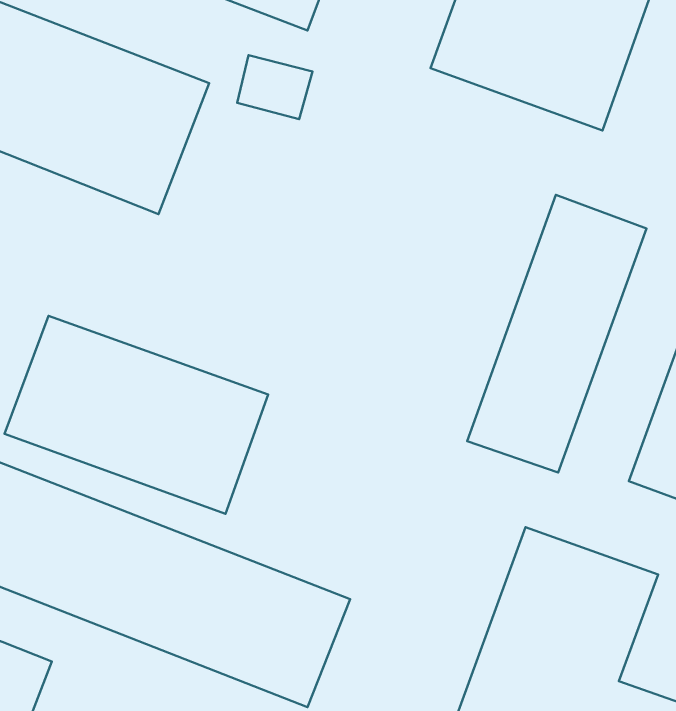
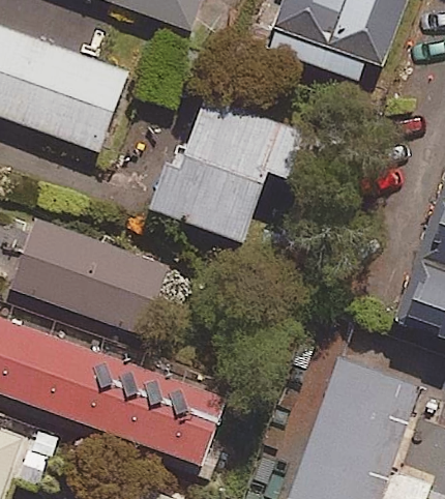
building: none -> [158,84,290,246]
building: [467,195,647,472] -> none

